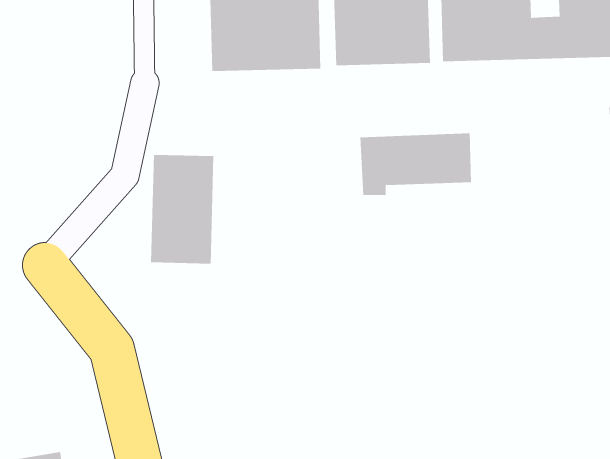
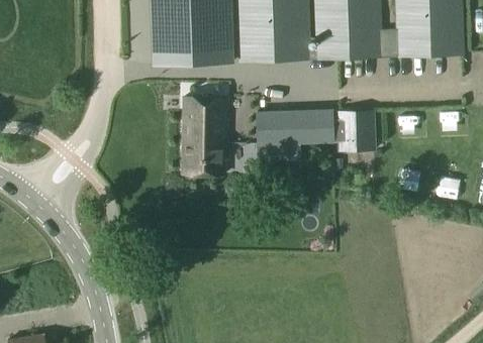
building: none -> [337,110,375,149]
building: [150,155,214,264] -> [181,96,226,174]

